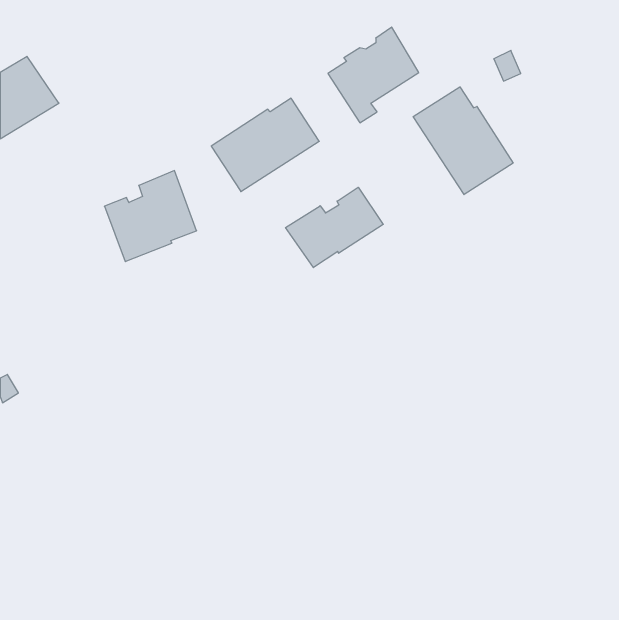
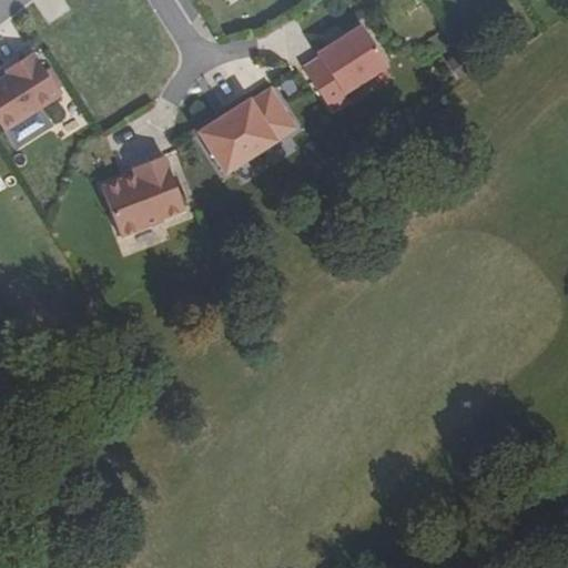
building: [413,87,513,195] -> none
building: [286,187,383,268] -> none

